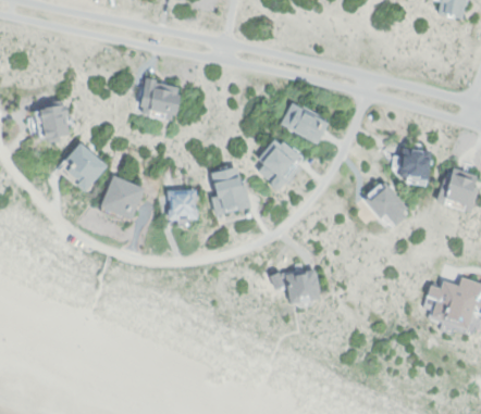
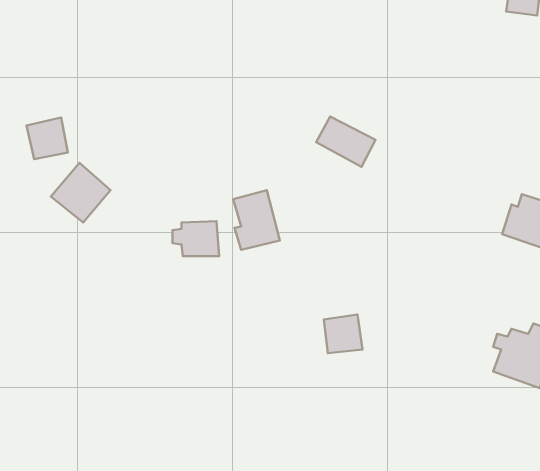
building: [139,80,185,118] -> none
building: [256,141,303,191] -> none
building: [399,145,432,180] -> none
building: [101,176,146,219] -> none
building: [366,183,411,227] -> none

